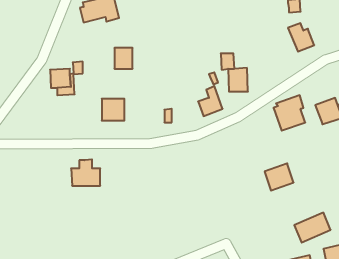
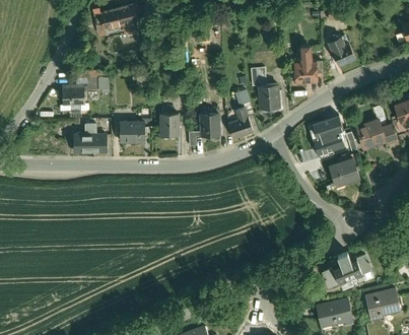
building: none -> [290,48,316,87]
building: [114,48,133,69] -> [156,116,177,139]
building: none -> [197,109,218,139]
building: [71,159,100,186] -> [71,127,104,156]
building: [265,163,294,191] -> [329,160,361,191]

